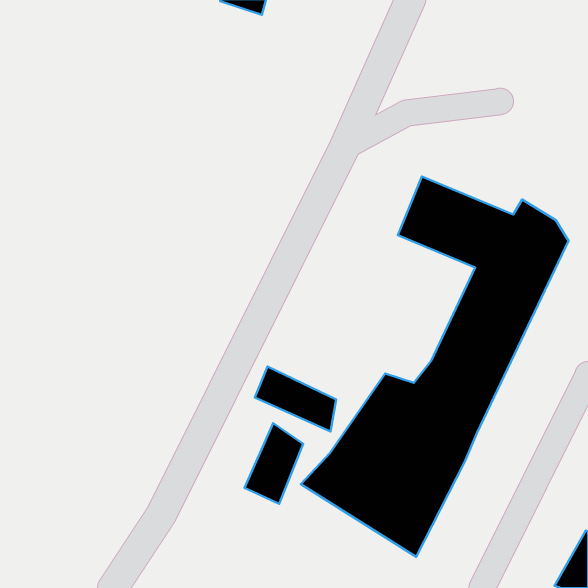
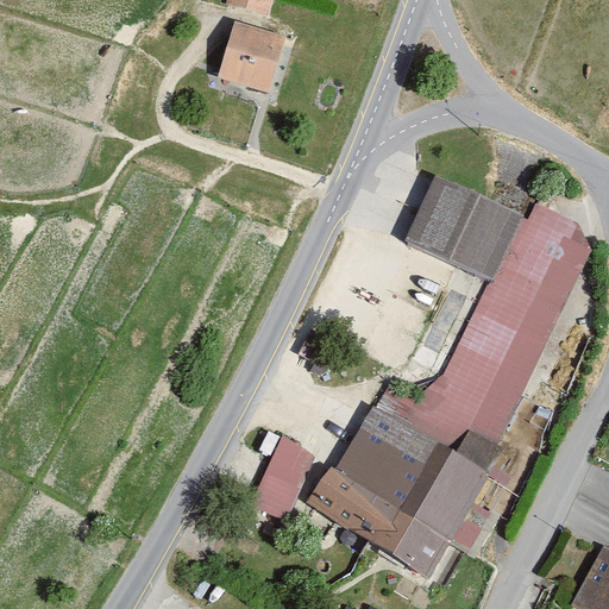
building: none -> [216,21,287,92]
building: [255,367,336,431] -> none

